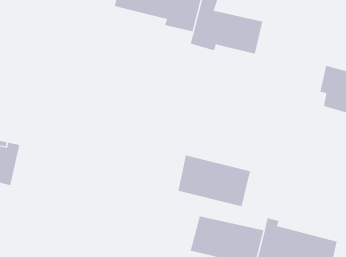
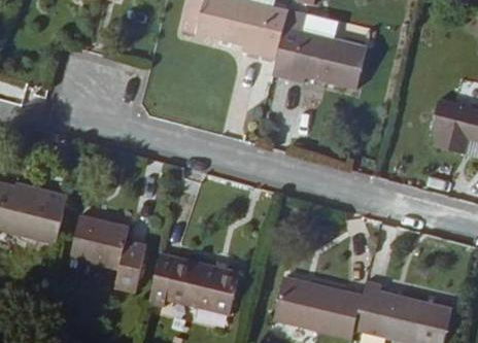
building: [177,155,251,207] -> [150,254,239,317]
building: none -> [70,213,148,287]

